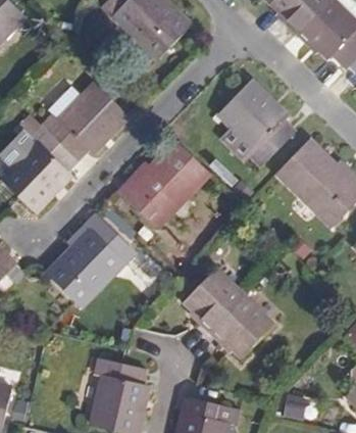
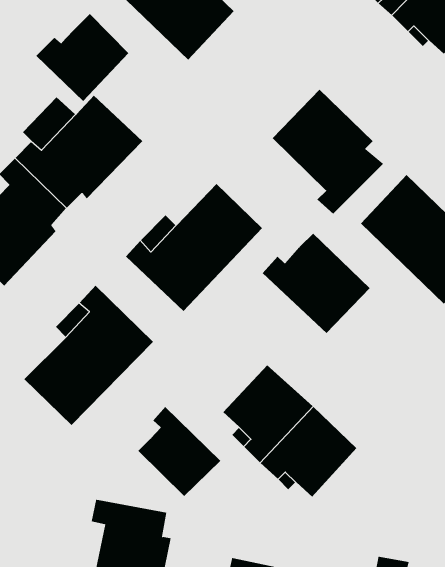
building: none -> [36,13,129,102]
building: none -> [262,233,370,334]
building: none -> [137,406,221,497]

